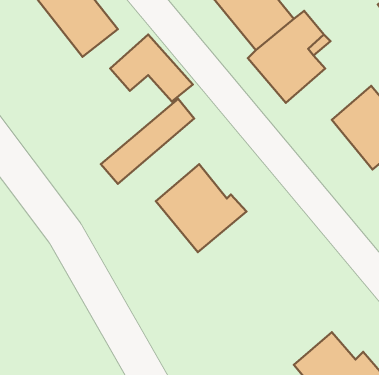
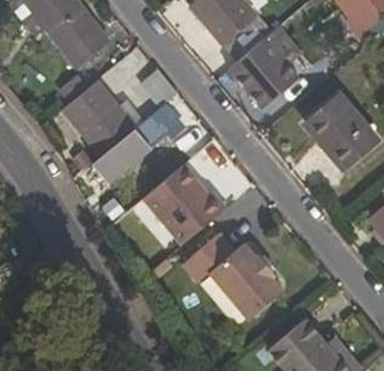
building: none -> [63,80,136,156]
building: none -> [184,233,284,321]

